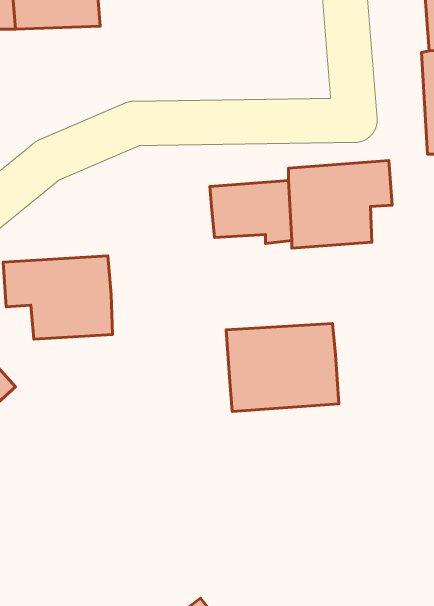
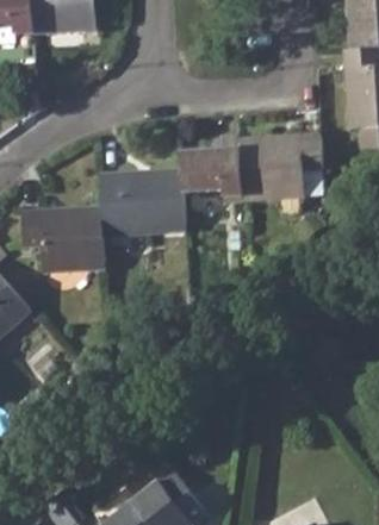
building: [226,324,339,411] -> [100,169,187,237]

